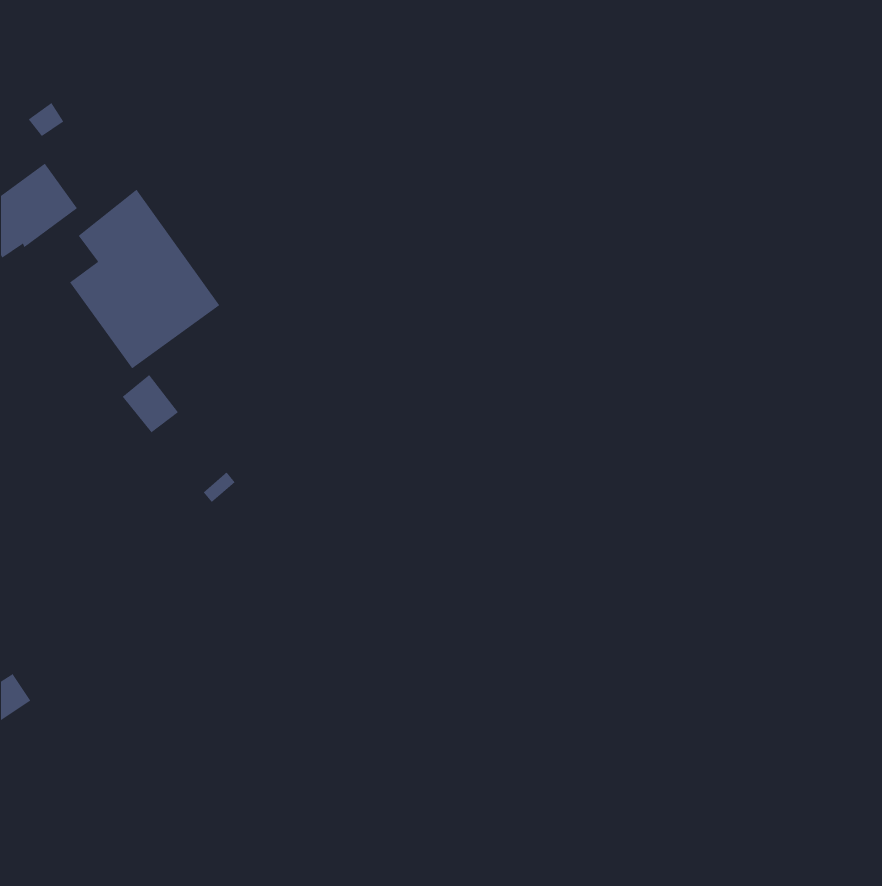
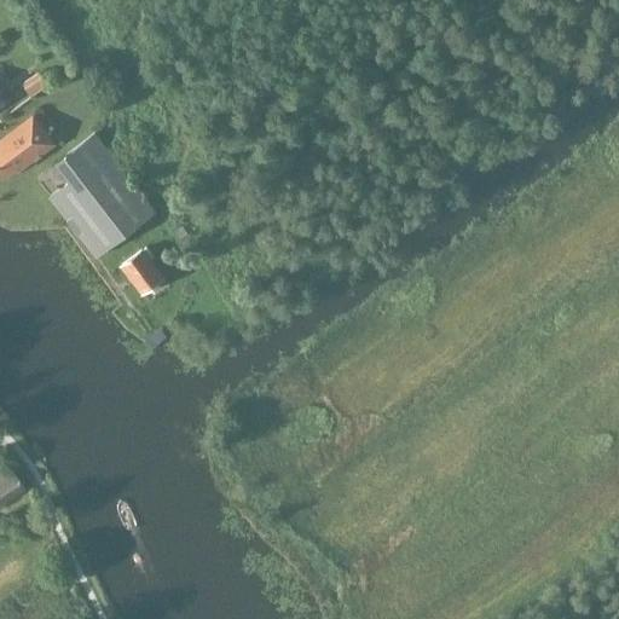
building: [122,374,179,433] -> [123,251,163,293]

